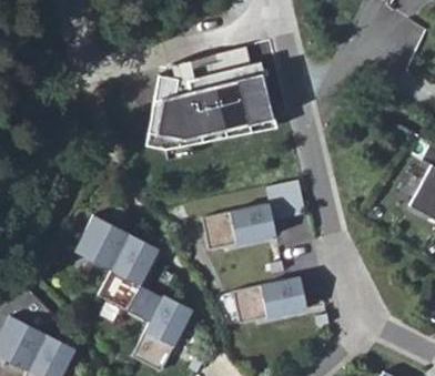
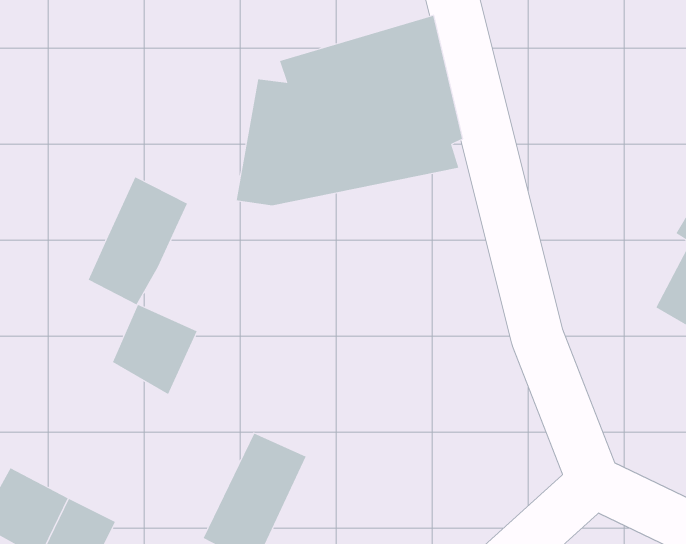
building: [203,180,307,254] -> none
building: [97,231,158,309] -> [88,176,188,305]
building: [232,276,312,326] -> none

